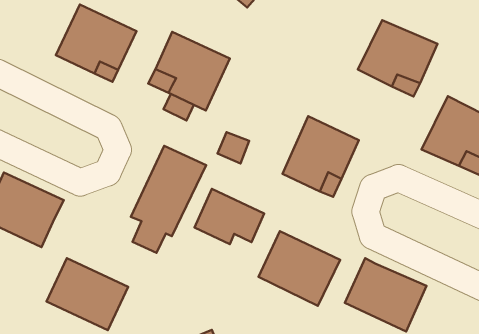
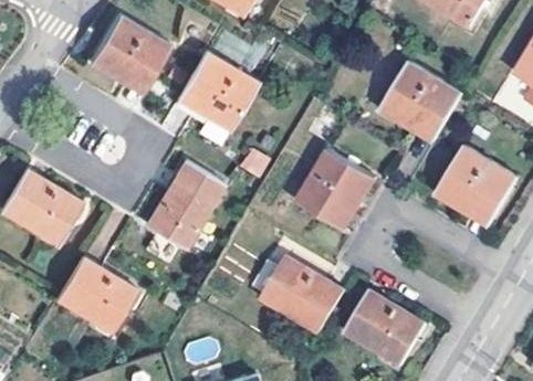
building: [195,189,264,244] -> none

